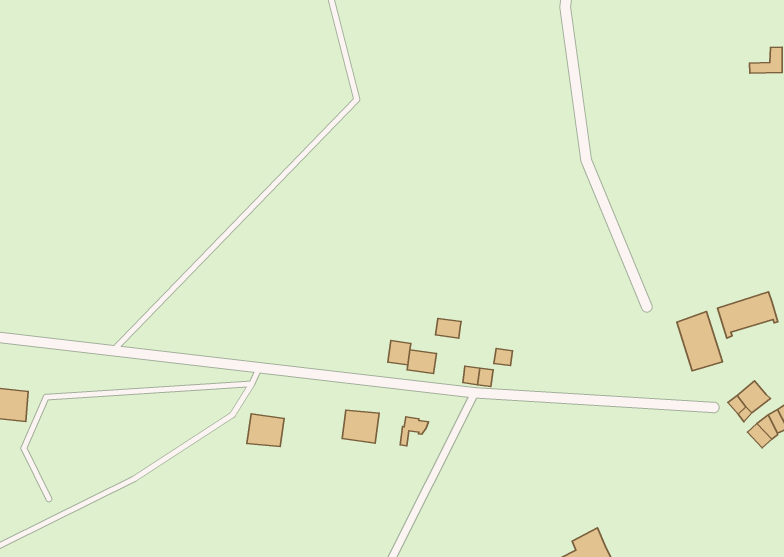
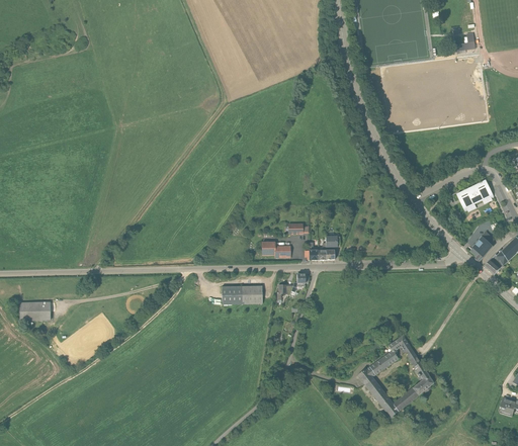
building: [677,311,723,371] -> none
building: [247,414,284,447] -> [222,285,242,303]

